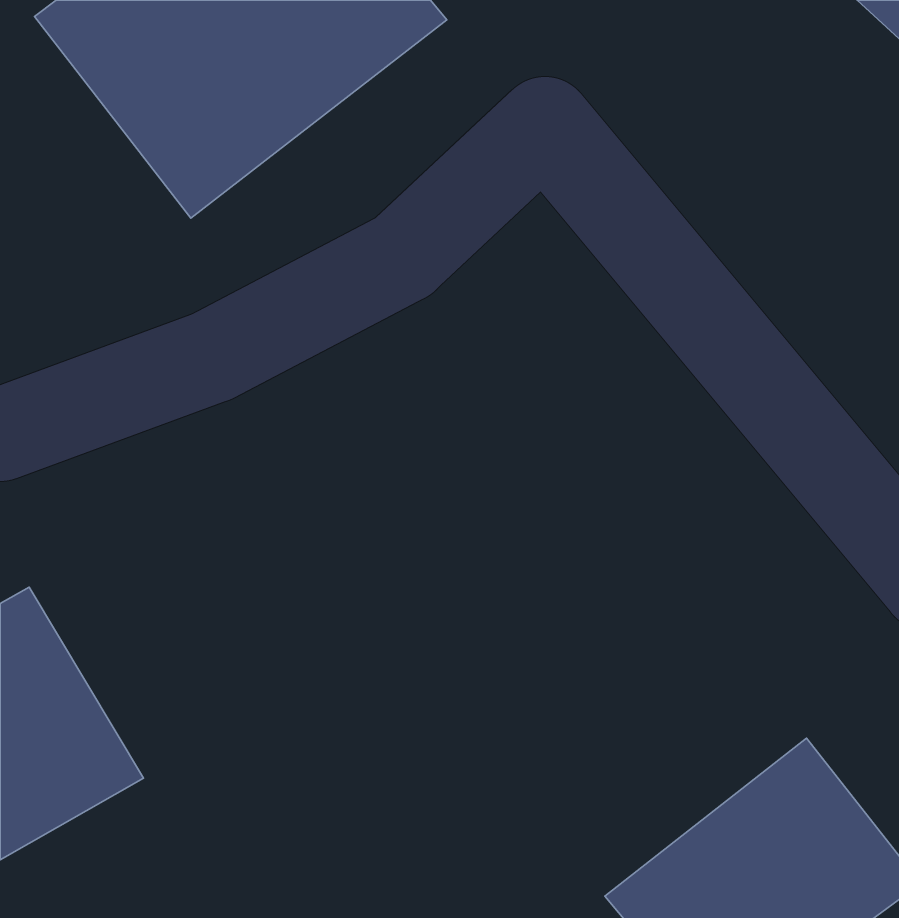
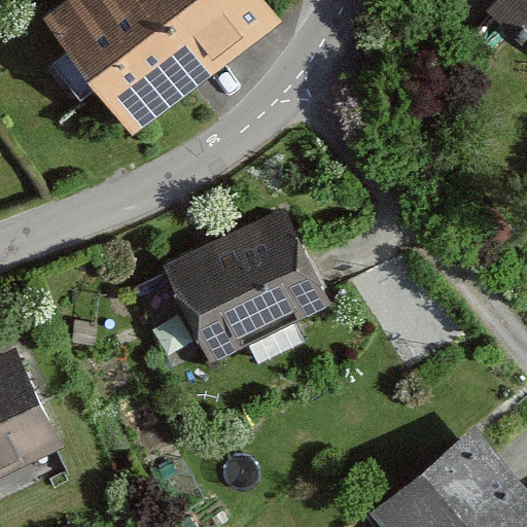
building: none -> [163,211,323,361]

